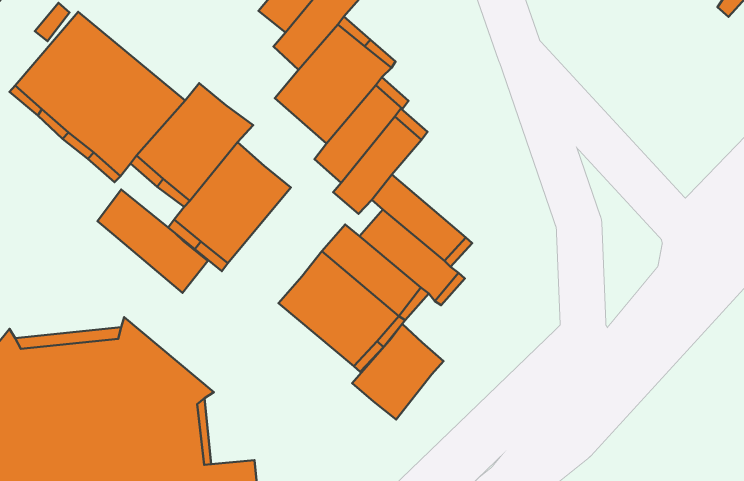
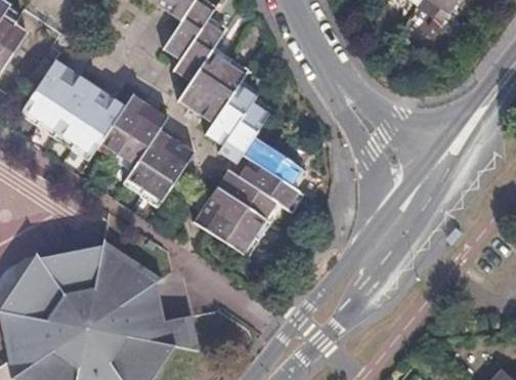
building: [97,190,208,293] -> none
building: [352,324,443,420] -> none

